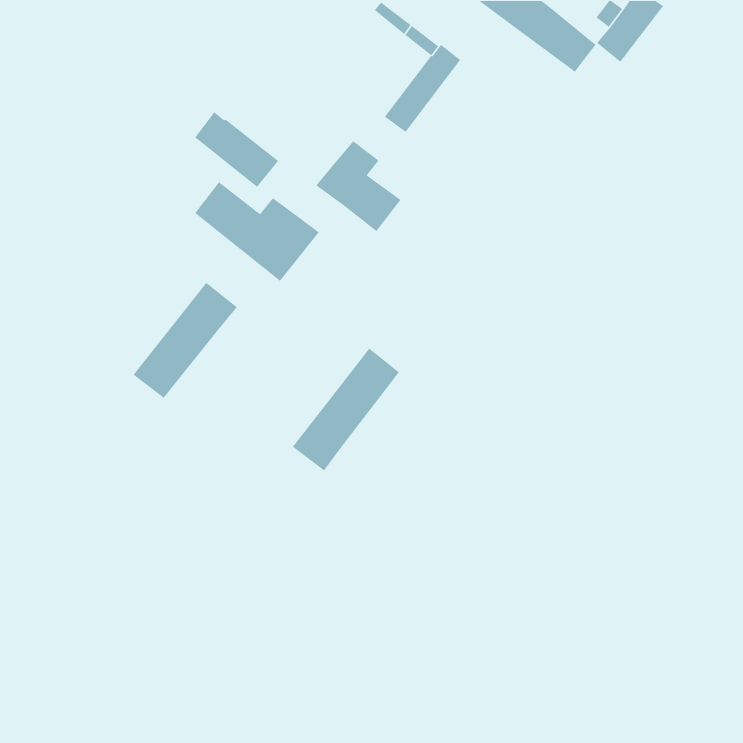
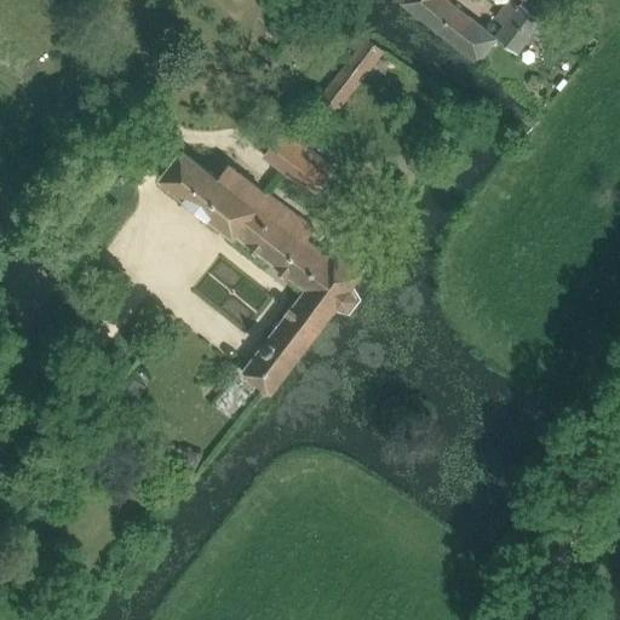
building: [194,111,279,188] -> none
building: none -> [232,195,358,312]
building: [132,282,238,399] -> none

